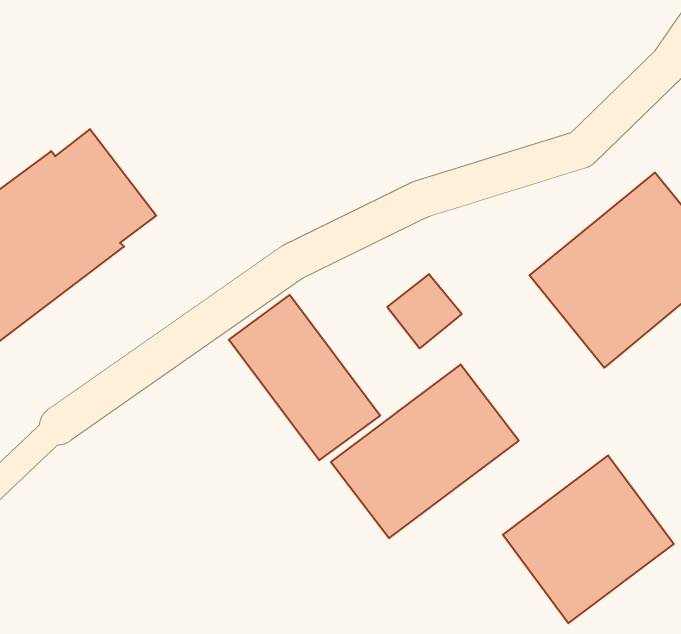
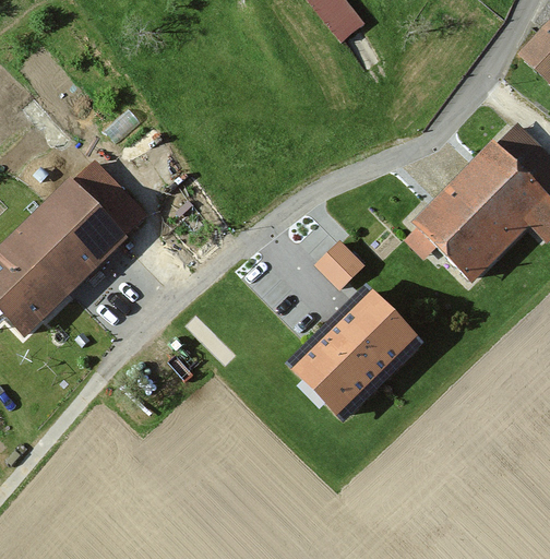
building: [229,295,380,460] -> none
building: [503,455,674,623] -> none

